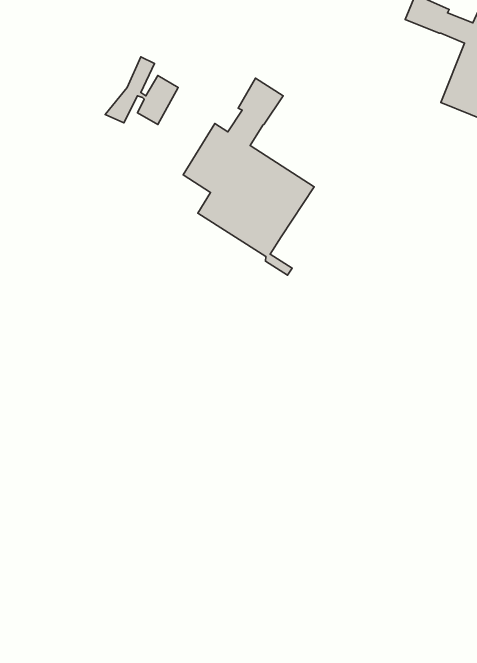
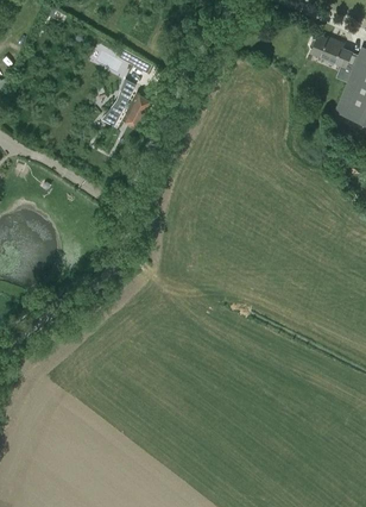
building: [183,78,314,275] -> none

